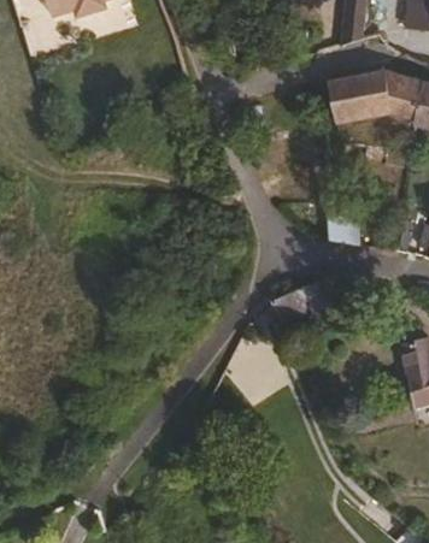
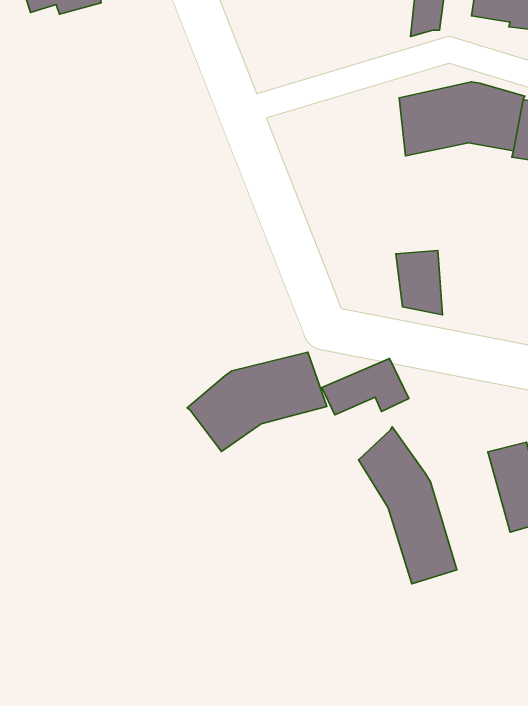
building: none -> [187,352,327,451]
building: none -> [359,427,457,584]

